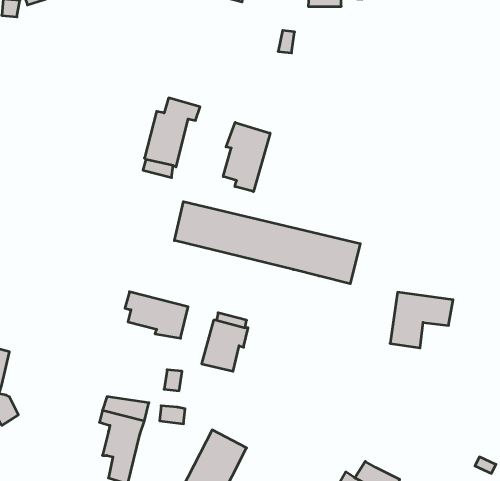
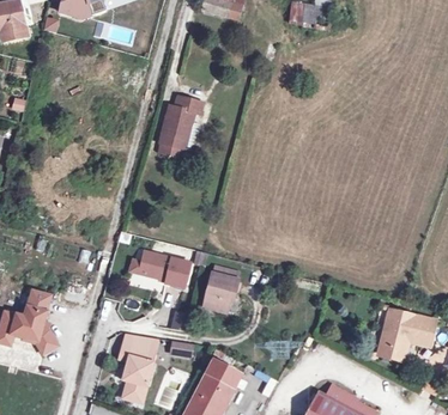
building: [223,122,270,192] -> none
building: [174,202,360,284] -> none
building: [390,292,453,348] -> [382,312,432,356]

